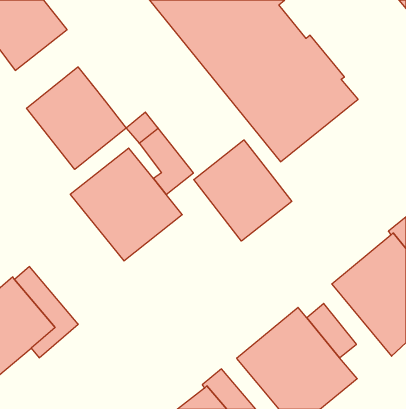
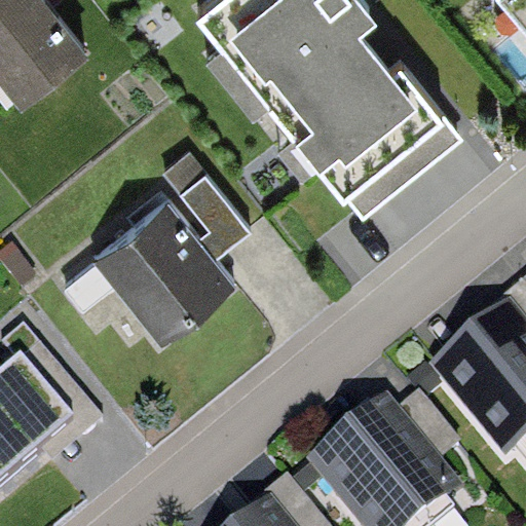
building: [27,67,126,169] -> none
building: [194,140,292,241] -> none

